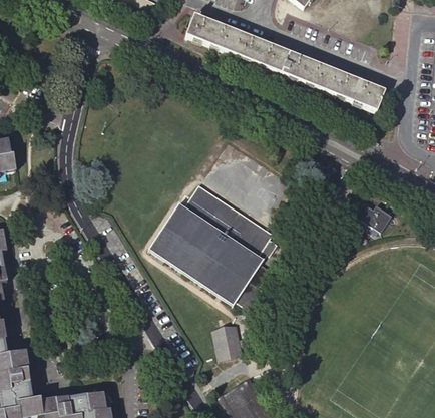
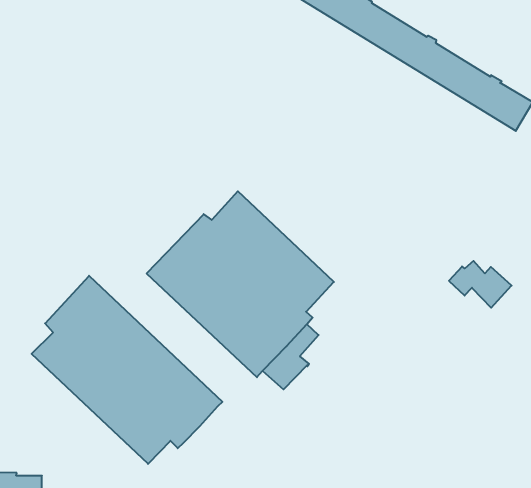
building: none -> [32,276,222,464]
building: [213,323,242,357] -> none

